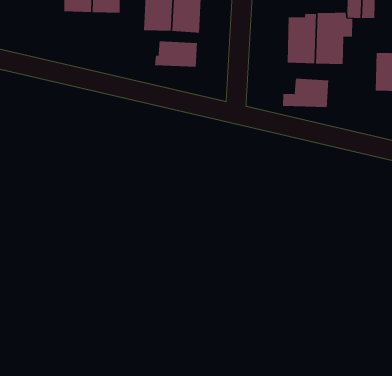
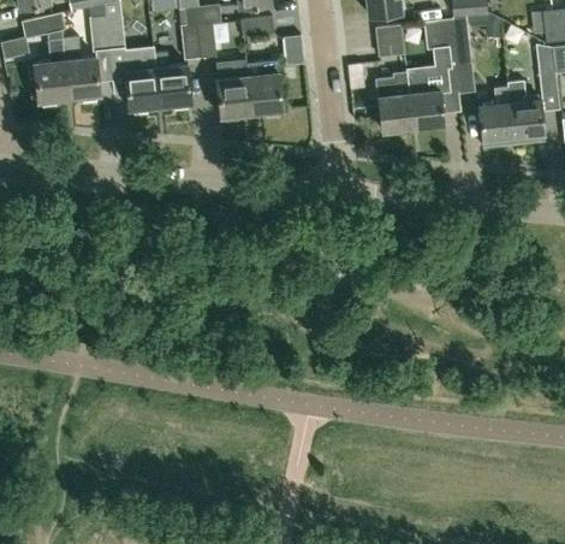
building: [154,40,197,67] -> none
building: [283,78,329,108] -> none

